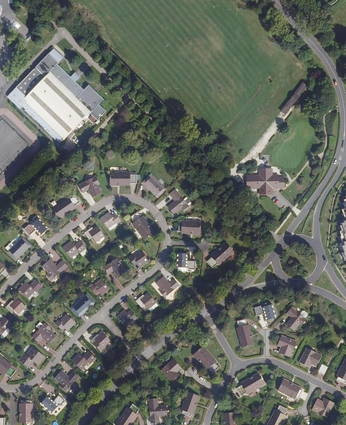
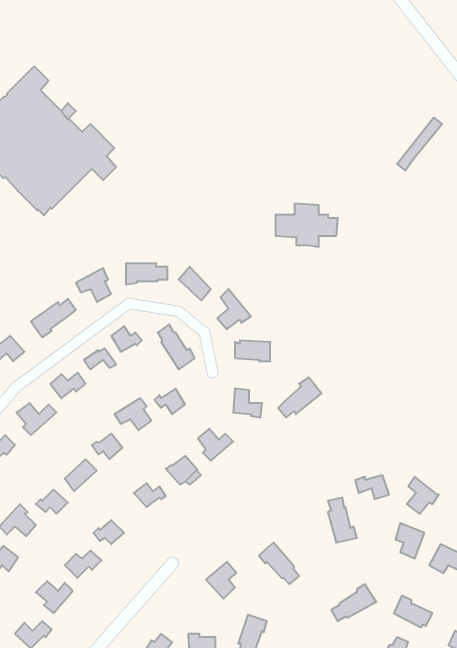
building: [245,167,284,194] -> [275,204,338,247]

